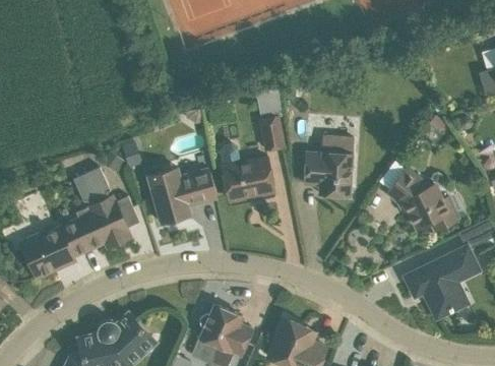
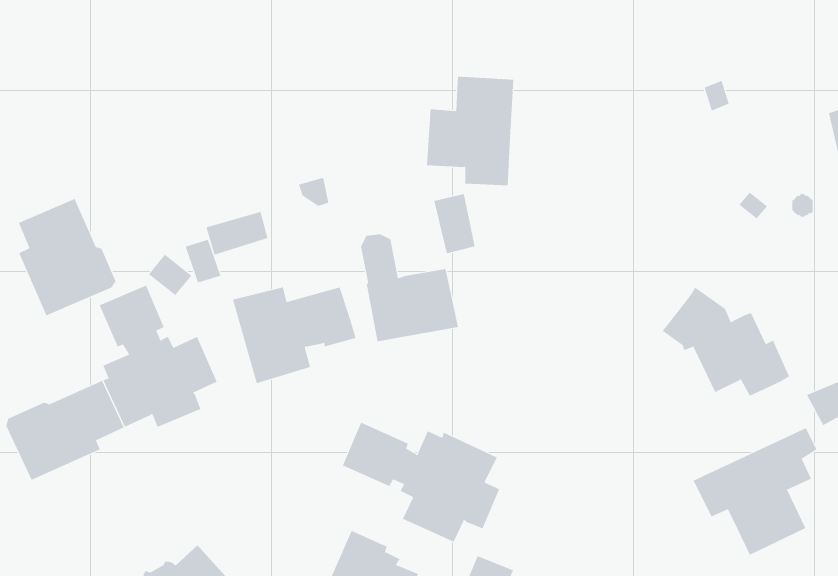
building: none -> [18,198,116,316]
building: none -> [206,211,268,255]
building: [304,134,353,195] -> [426,76,514,186]
building: none -> [342,422,500,543]

